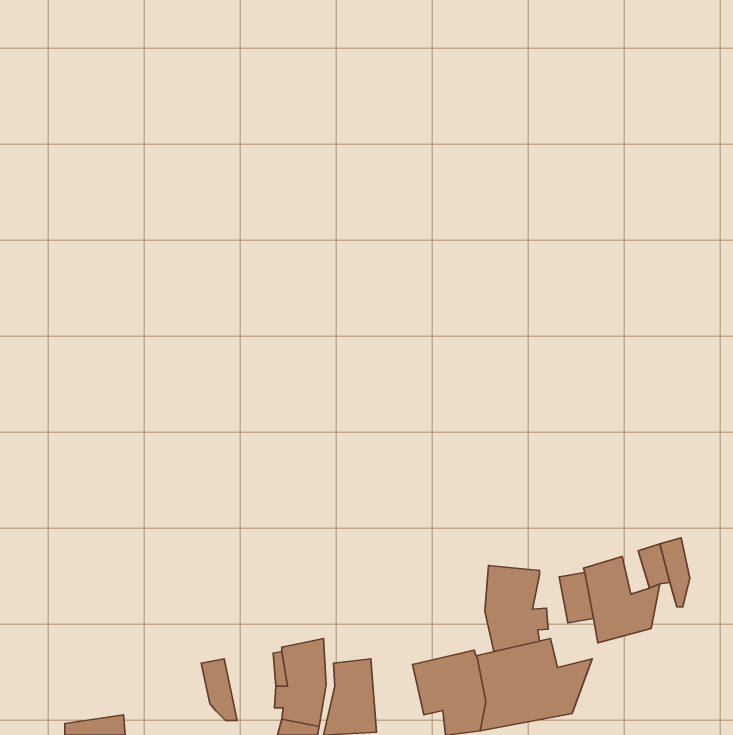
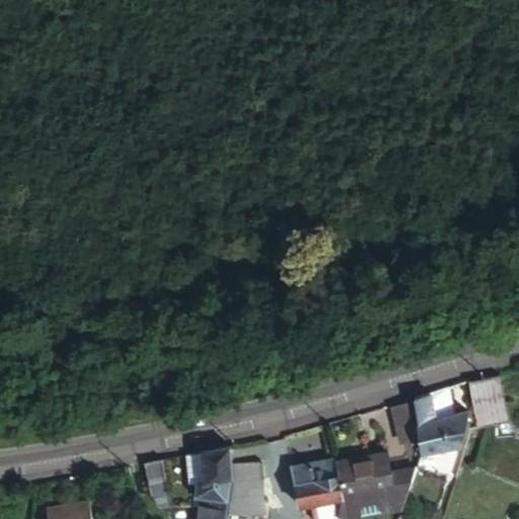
building: none -> [480,374,507,428]
building: [485,566,548,651] -> none

